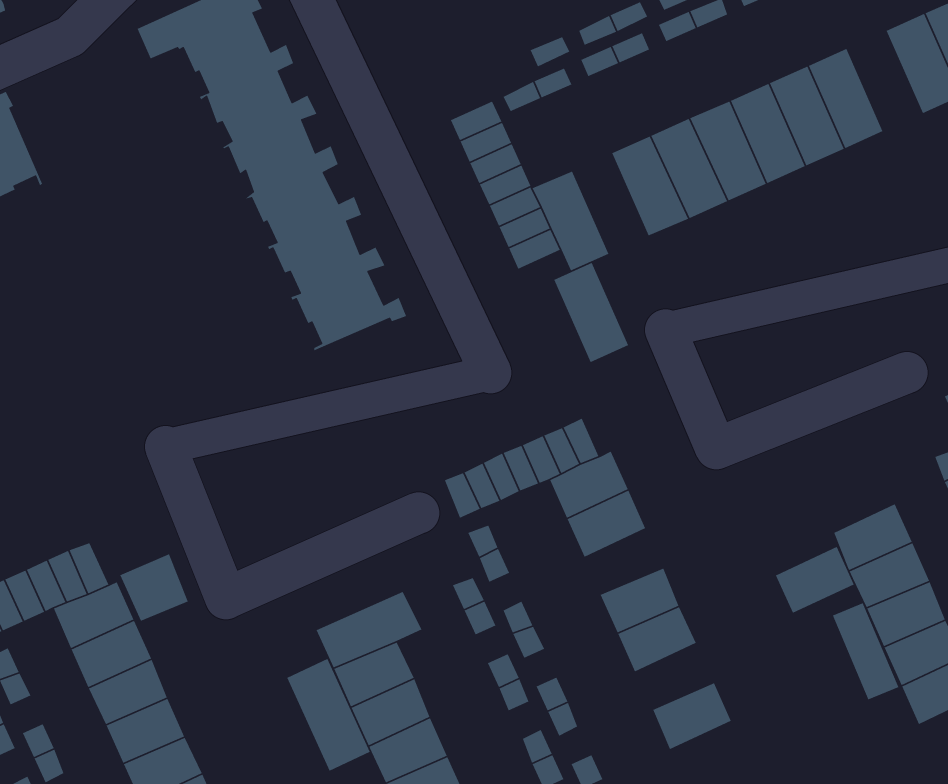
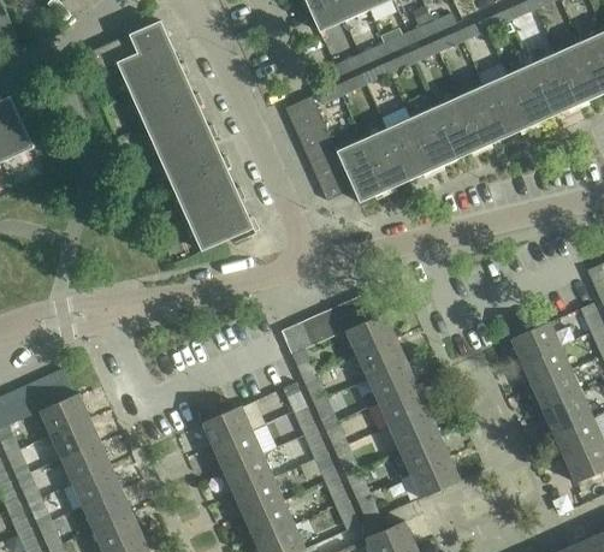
building: none -> [529,53,576,115]
building: [553,262,629,363] -> [360,129,407,191]
building: none -> [367,361,416,402]
building: [775,546,855,614] -> [510,321,559,363]
building: [119,553,189,622] -> none
building: [832,602,899,701] -> none
building: none -> [398,432,448,473]
building: [286,658,371,772] -> none

